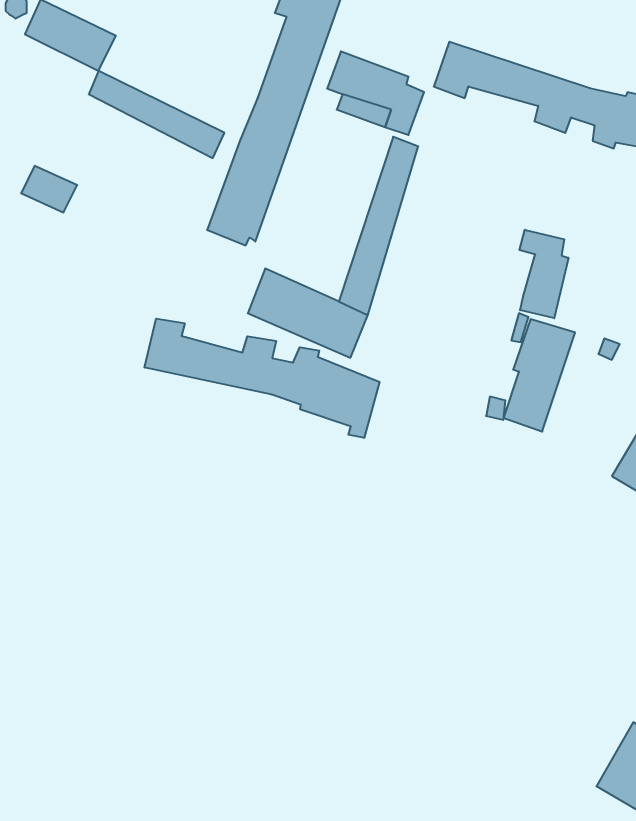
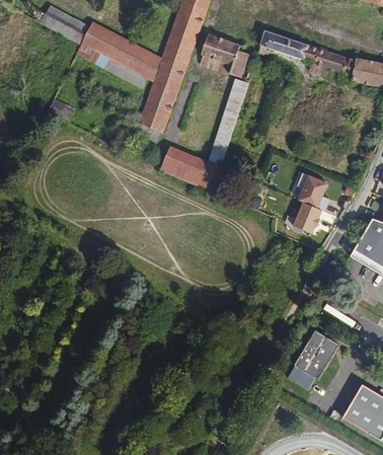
building: none -> [81,21,164,80]
building: [519,230,568,318] -> none
building: [145,319,380,438] -> none
building: none -> [288,330,338,390]

